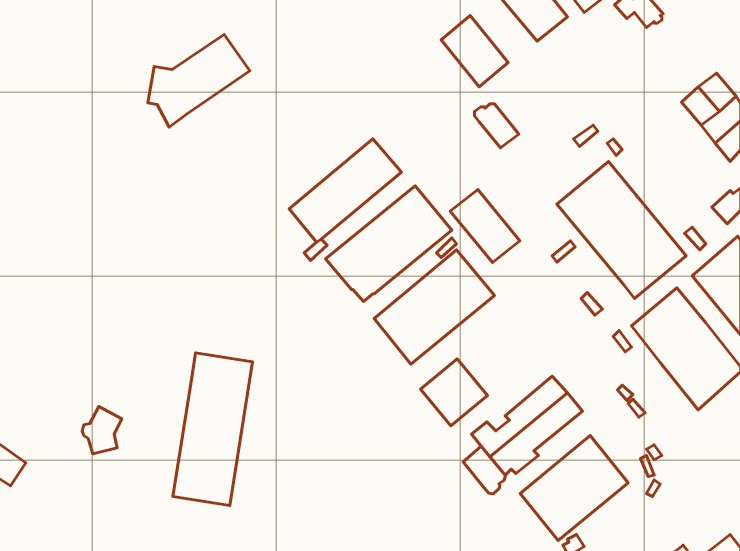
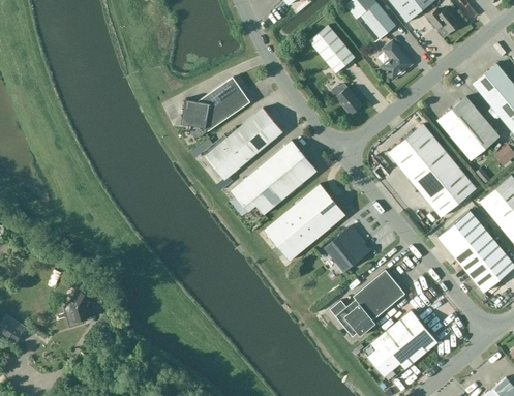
building: [148,34,250,127] -> [181,78,250,141]
building: none -> [381,41,412,81]
building: none -> [437,96,500,160]
building: [450,190,520,262] -> none
building: [173,353,252,505] -> none
building: [421,359,487,426] -> [325,226,370,272]
building: [463,446,505,494] -> none

